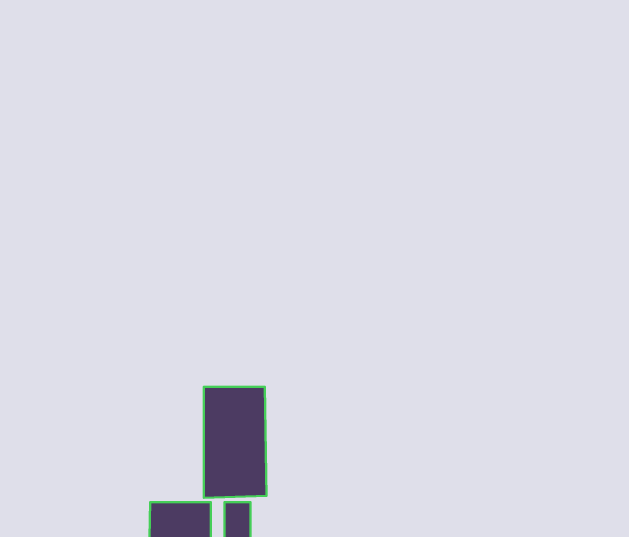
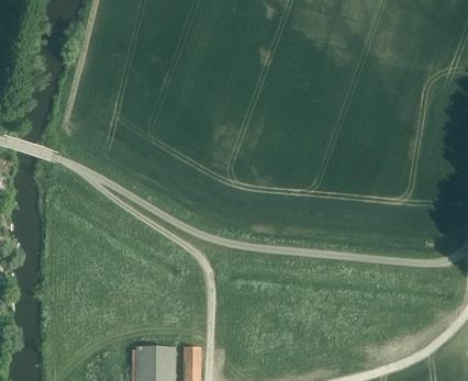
building: [204,387,267,498] -> none

